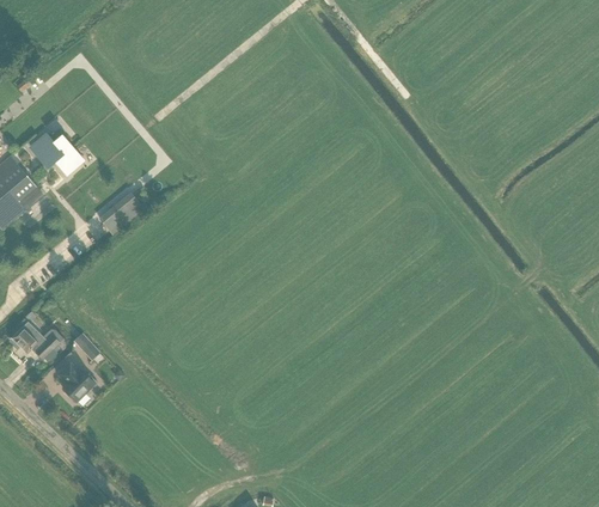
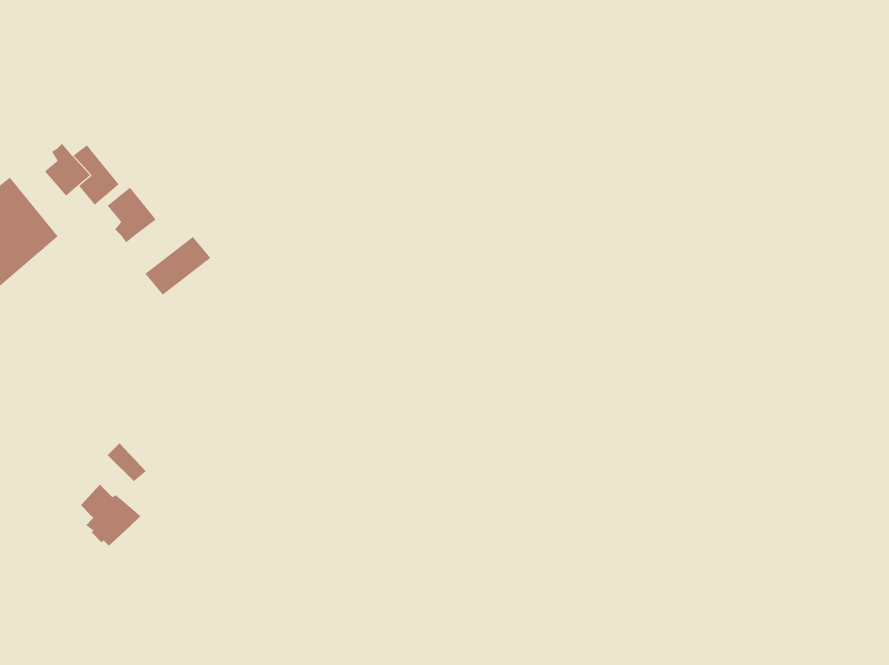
building: none -> [107,187,157,243]
building: [10,318,61,356] -> none

